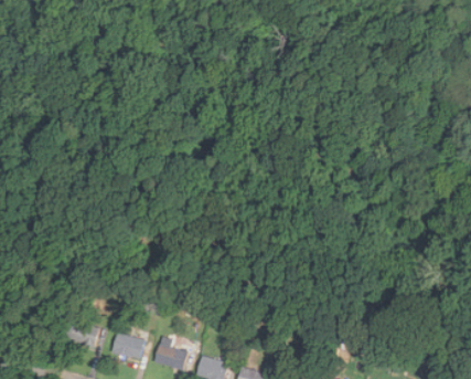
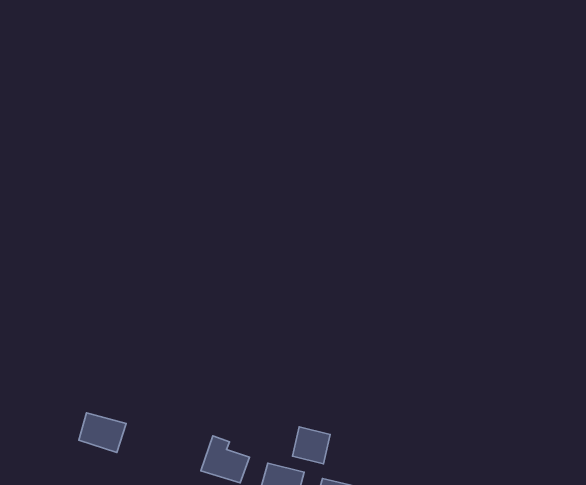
building: none -> [293,427,330,464]
building: [113,333,144,358] -> none

